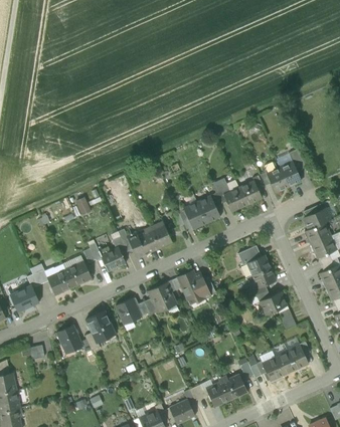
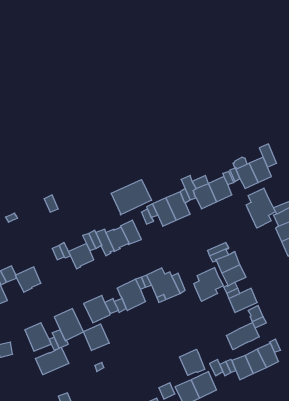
building: none -> [111,180,152,215]
building: none -> [246,188,275,228]
building: [65,260,92,285] -> none
building: none -> [194,267,223,301]
building: none -> [226,323,259,350]
building: none -> [84,324,109,351]
building: none -> [35,347,69,375]
building: none -> [179,349,205,375]

